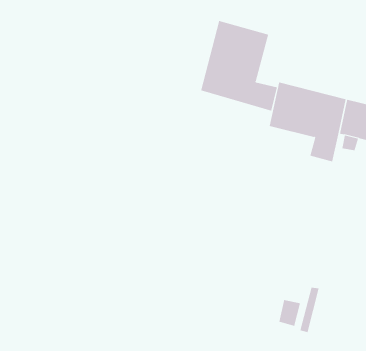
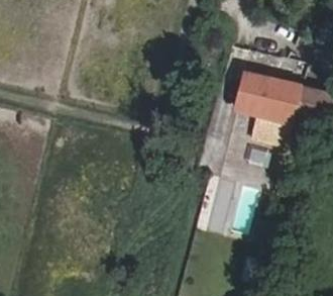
building: [201,20,277,112] -> none

